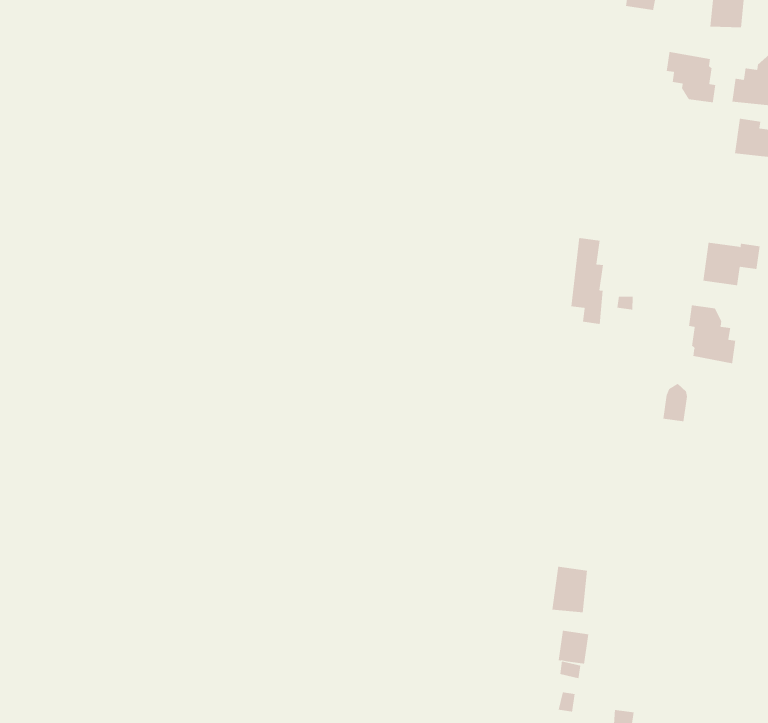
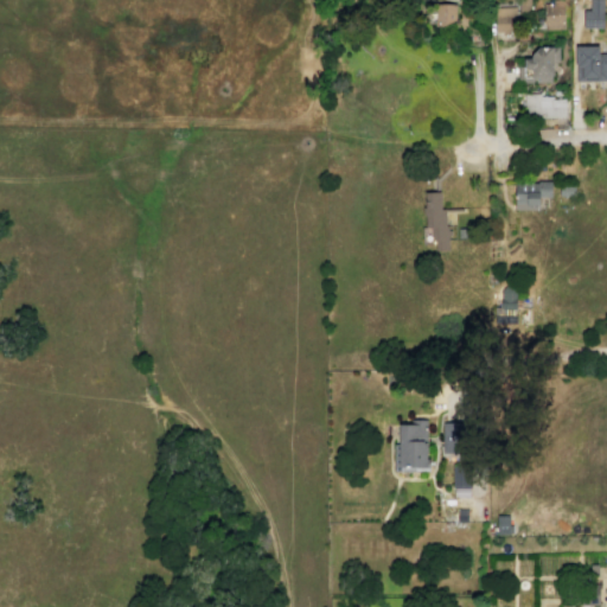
building: [666,51,716,103] -> none
building: [689,305,736,364] -> none
building: none -> [401,420,428,467]

